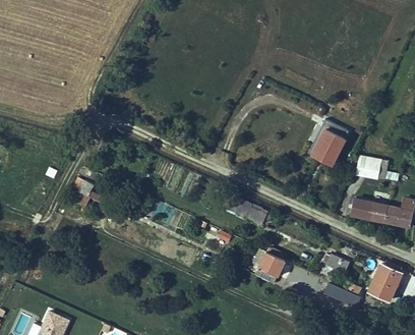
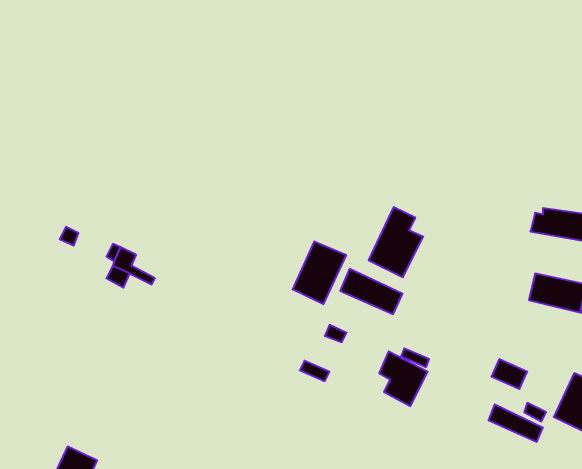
building: [313,127,349,173] -> [369,207,423,277]
building: none -> [293,241,346,304]

